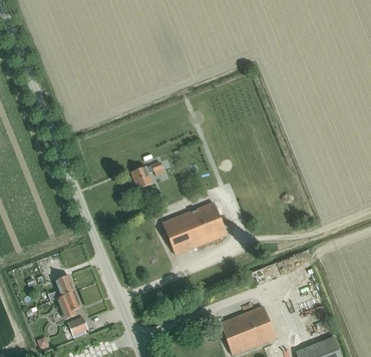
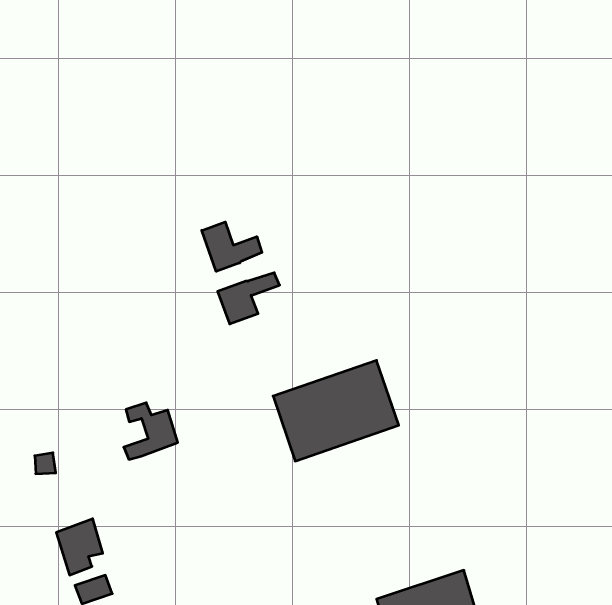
building: none -> [202,222,262,271]
building: [48,272,75,301] -> [124,403,178,459]

